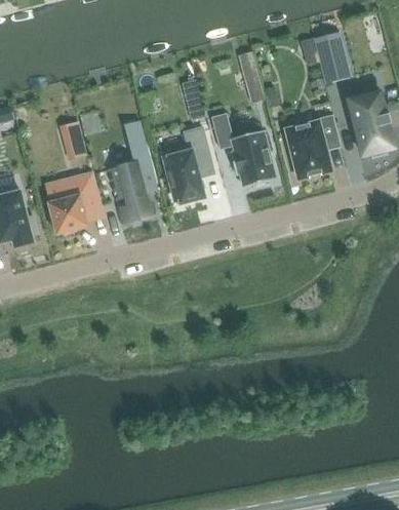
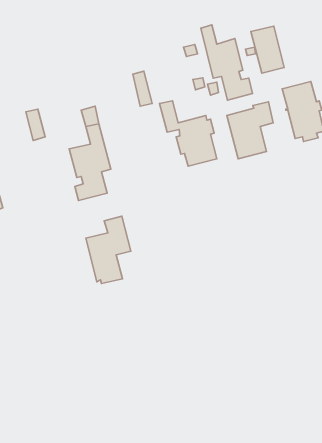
building: none -> [201,25,252,100]
building: [162,126,212,201] -> [86,216,131,284]
building: [49,170,101,234] -> none

